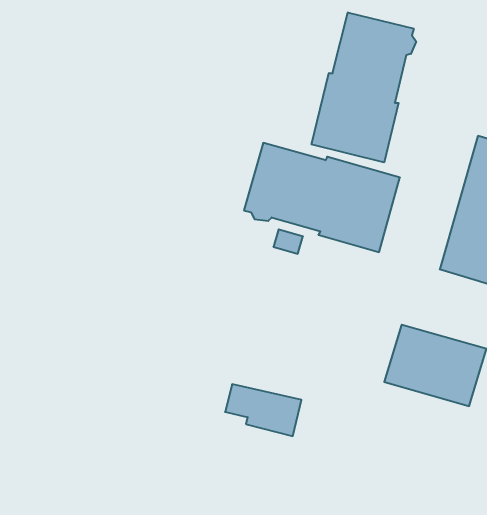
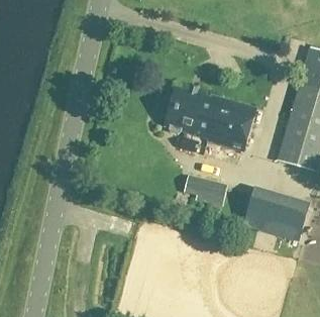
building: [312,12,416,162] -> none
building: [225,384,301,436] -> [183,174,227,204]

